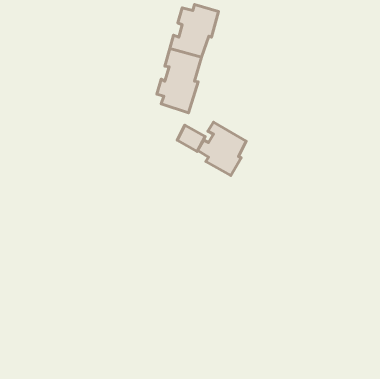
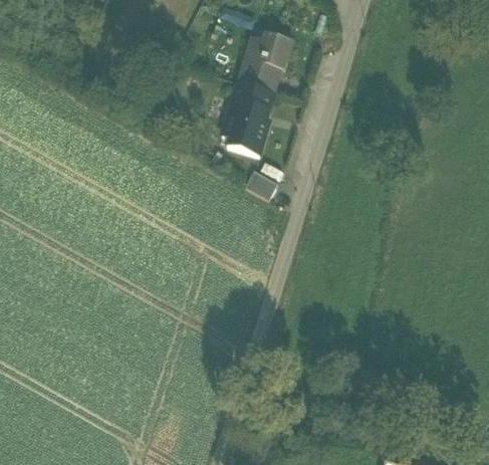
building: [198,122,246,175] -> none

